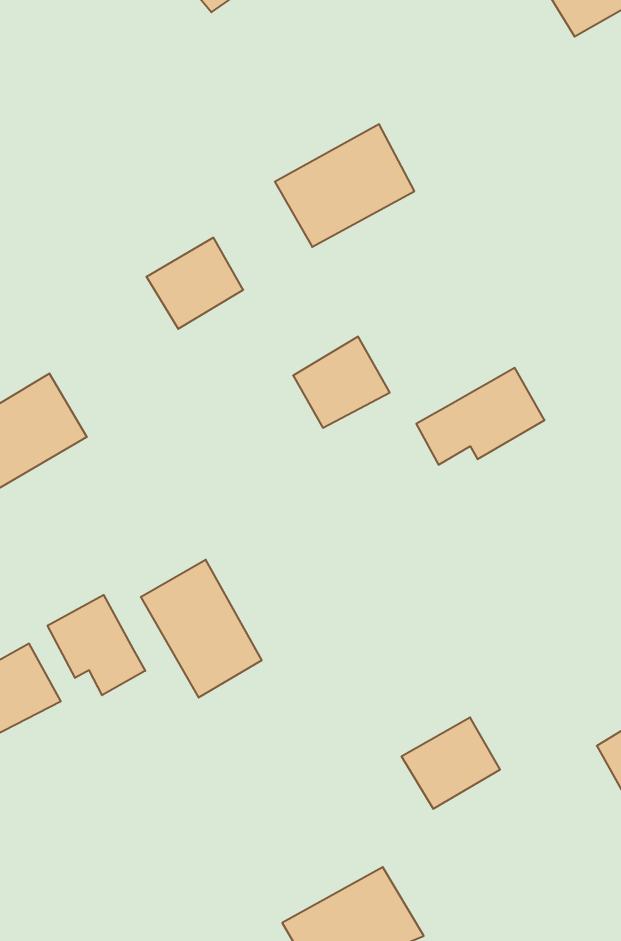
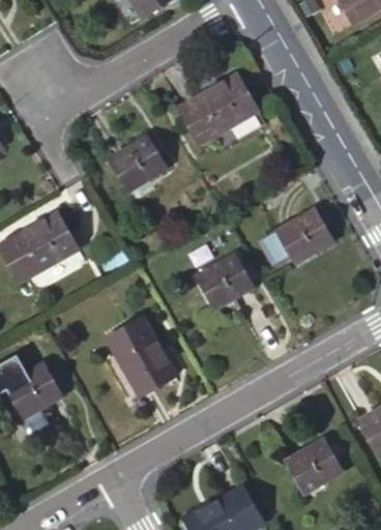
building: [293,337,390,428] -> [194,258,247,308]
building: [48,595,145,695] -> none
building: [401,717,500,809] -> [288,439,343,490]

